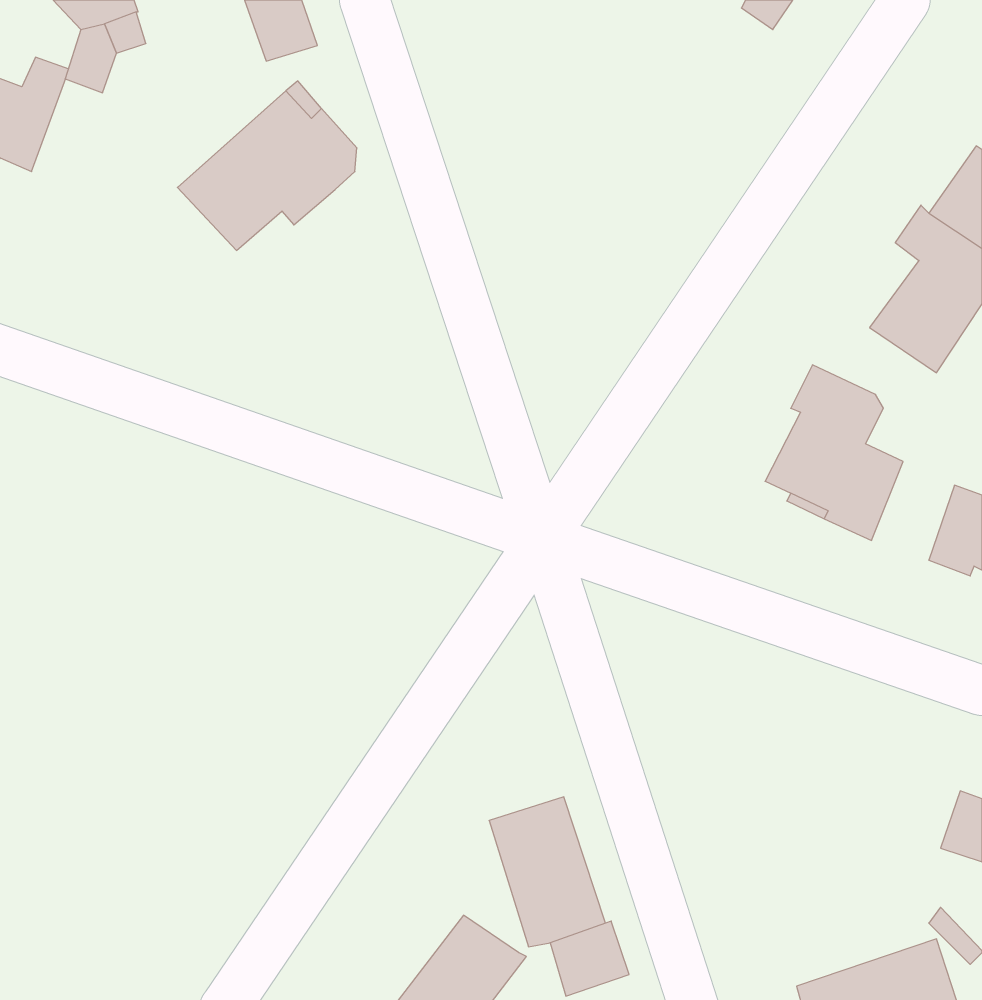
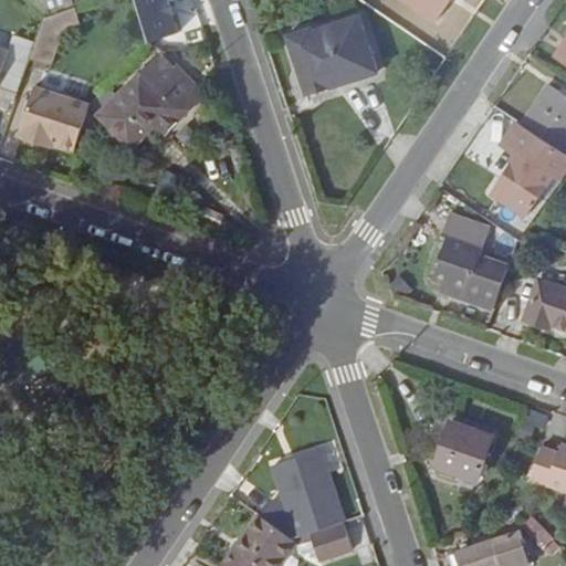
building: none -> [286,19,377,97]
building: none -> [20,80,91,144]
building: none -> [429,424,490,486]

